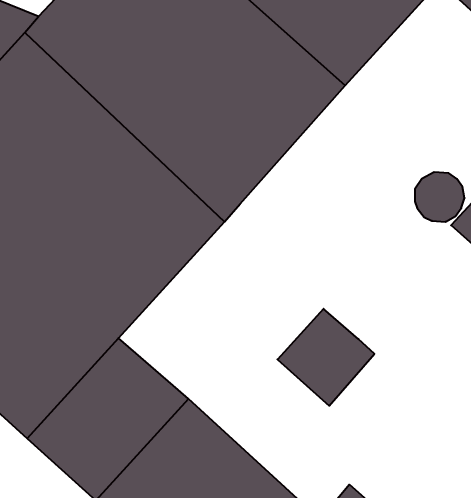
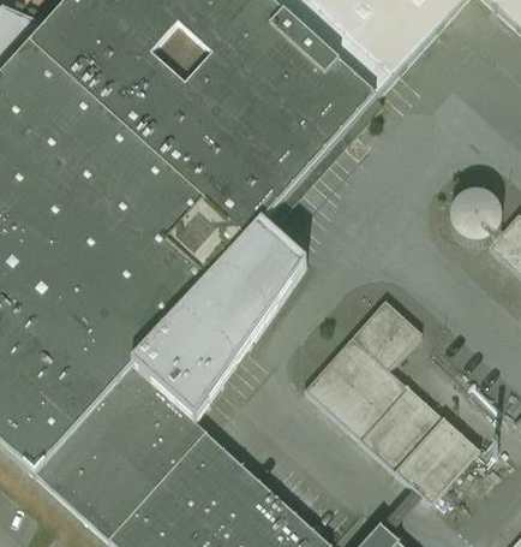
building: none -> [132,225,306,423]
building: none -> [351,299,421,369]
building: none -> [357,385,479,505]

